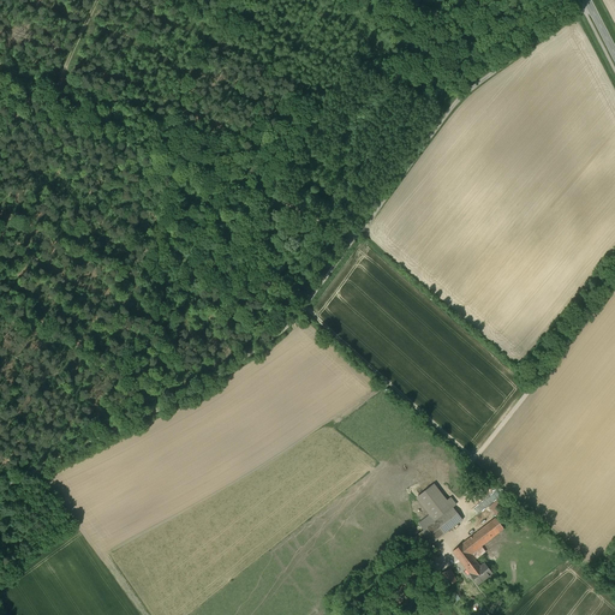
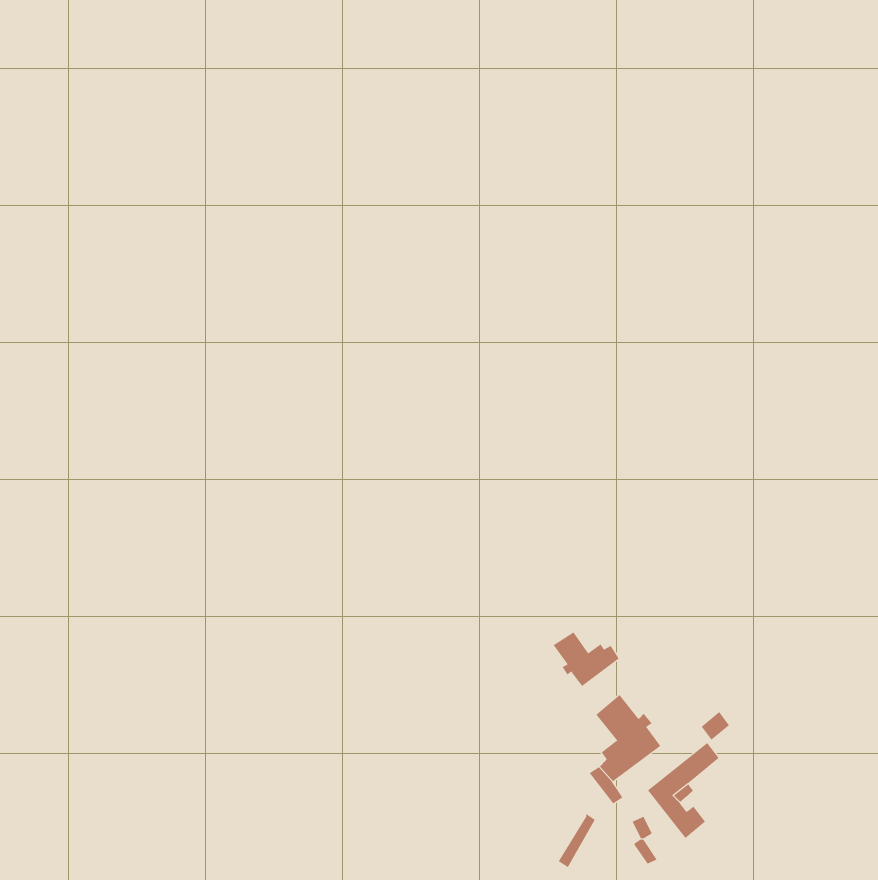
building: none -> [553,632,619,687]

